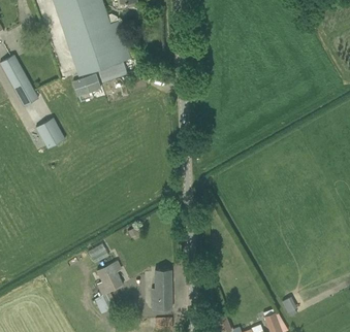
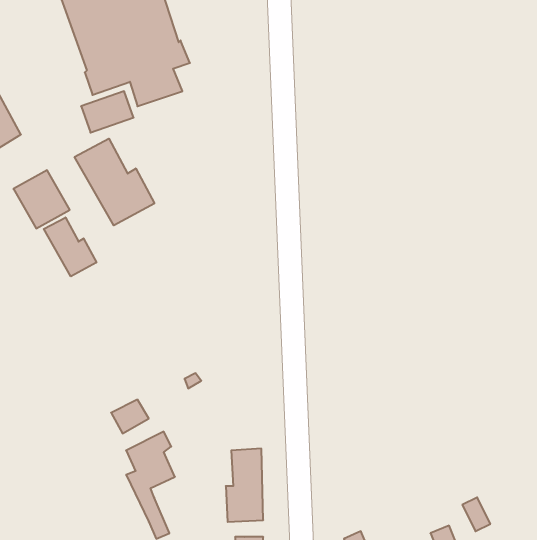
building: none -> [75,139,154,225]
building: none -> [44,217,96,276]

